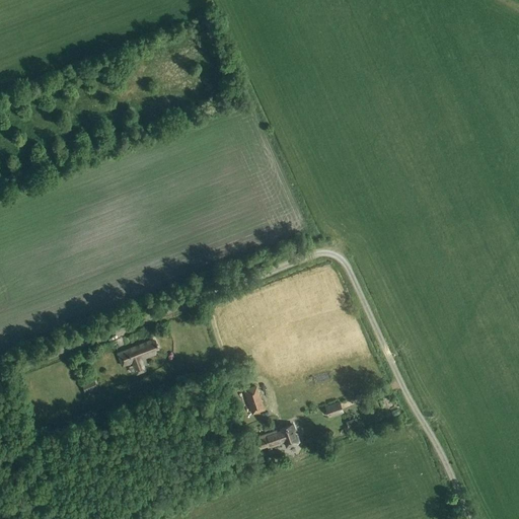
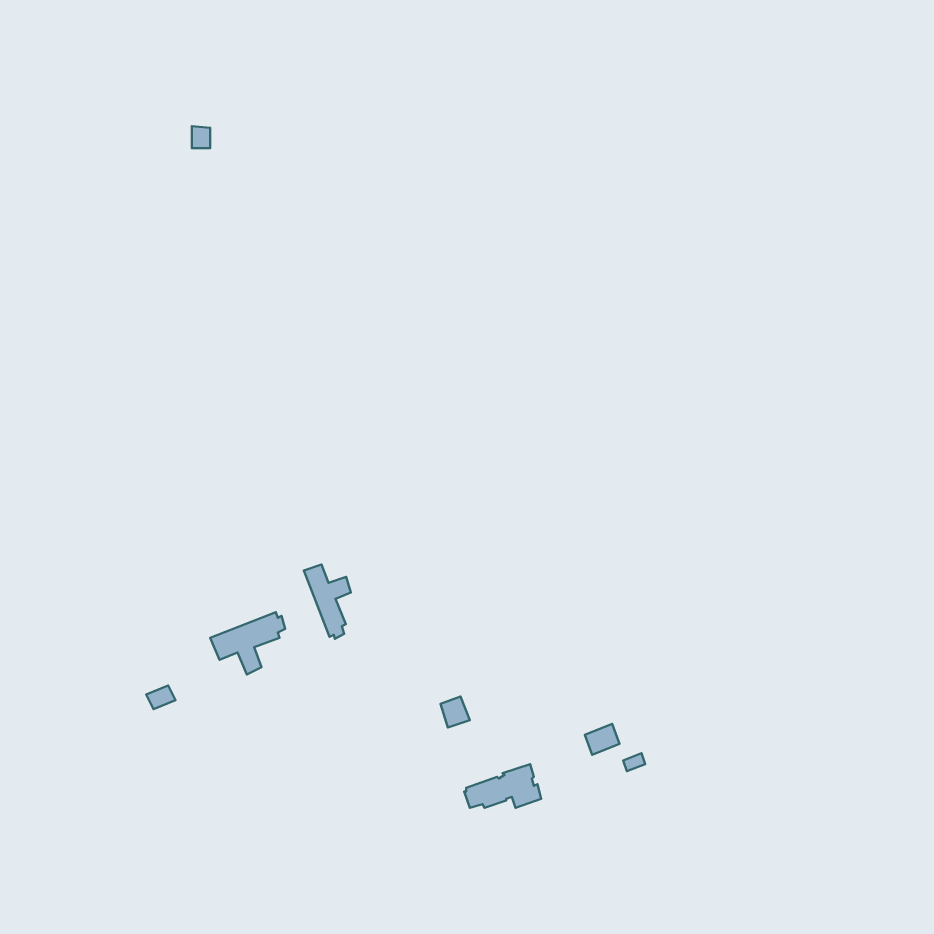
building: none -> [304,564,351,639]

